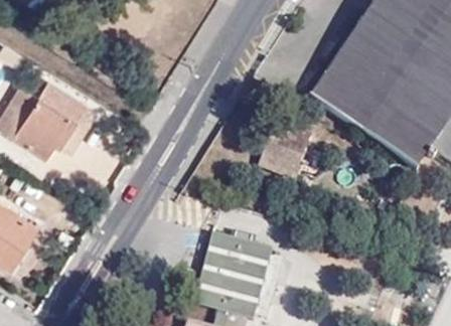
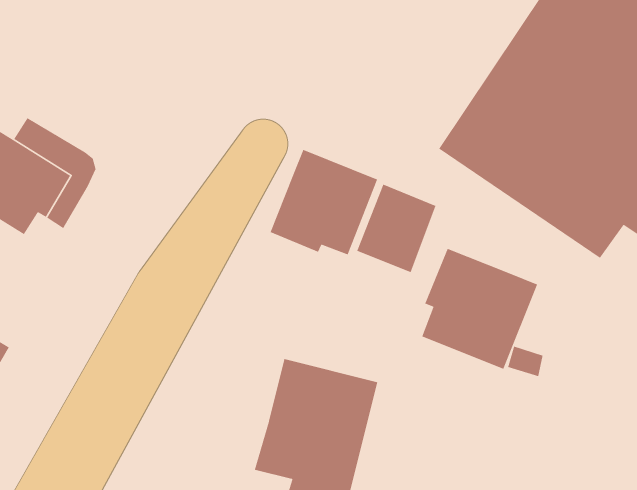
building: none -> [270,149,378,255]
building: none -> [421,248,538,370]

